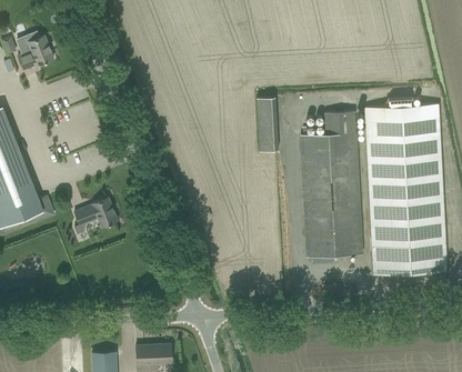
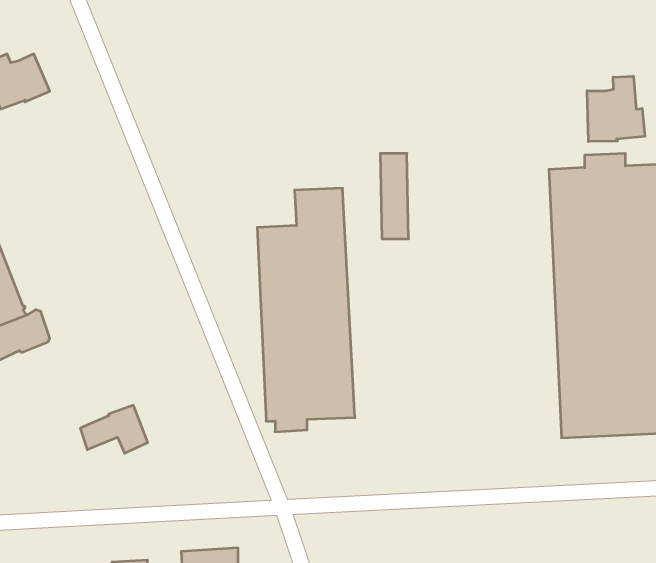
building: none -> [587,76,645,142]
building: [301,111,362,263] -> [257,188,355,432]
building: [74,198,117,228] -> [80,405,148,453]

